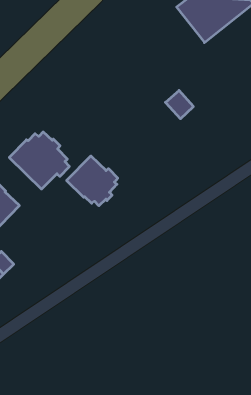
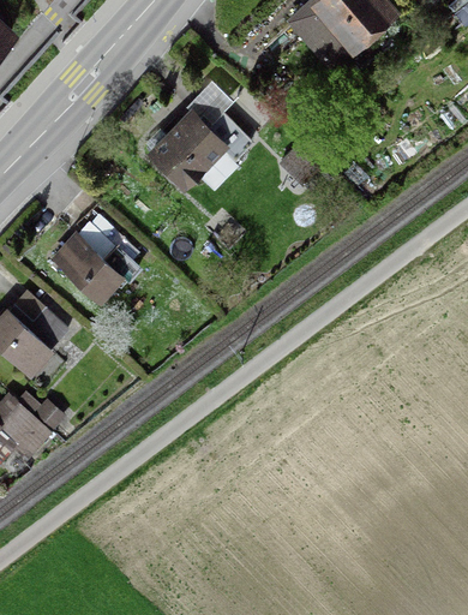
building: none -> [145,80,253,193]
building: [67,156,118,206] -> none

